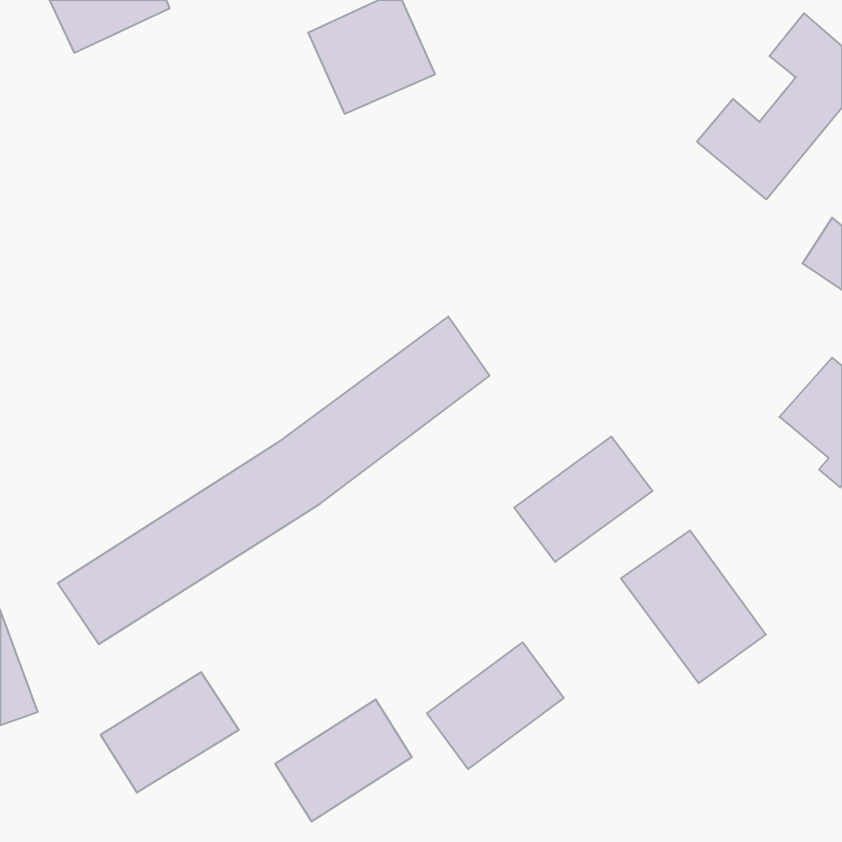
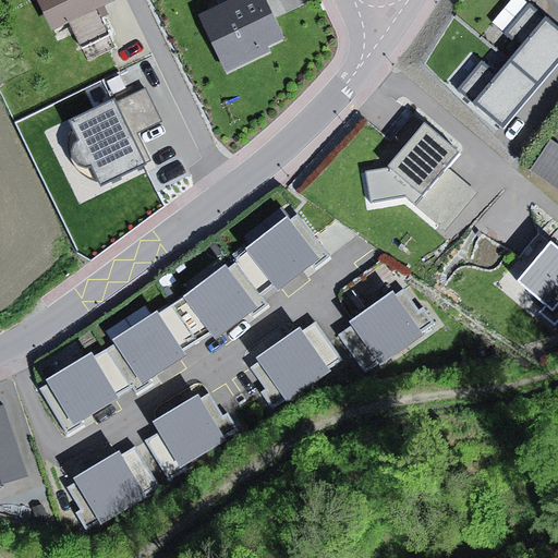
building: none -> [74,89,162,191]
building: none -> [364,120,474,226]
building: [621,530,766,683] -> none
building: [427,642,564,769] -> [252,319,342,403]
building: [275,699,412,821] -> [143,393,233,474]

